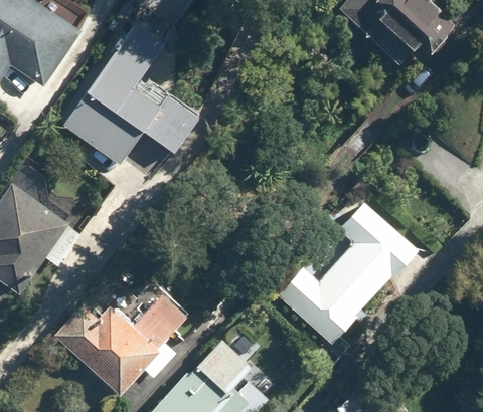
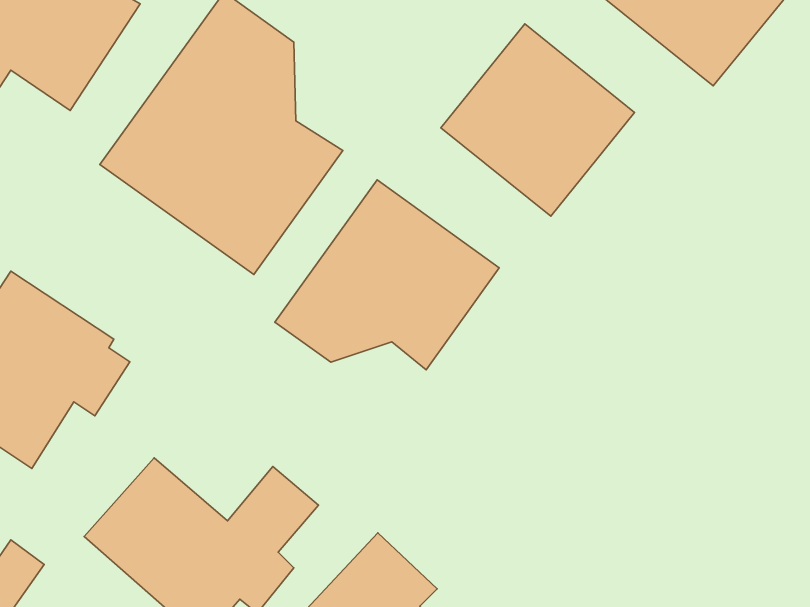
building: none -> [441,24,635,216]
building: none -> [275,180,499,370]
building: [274,193,421,344] -> none

